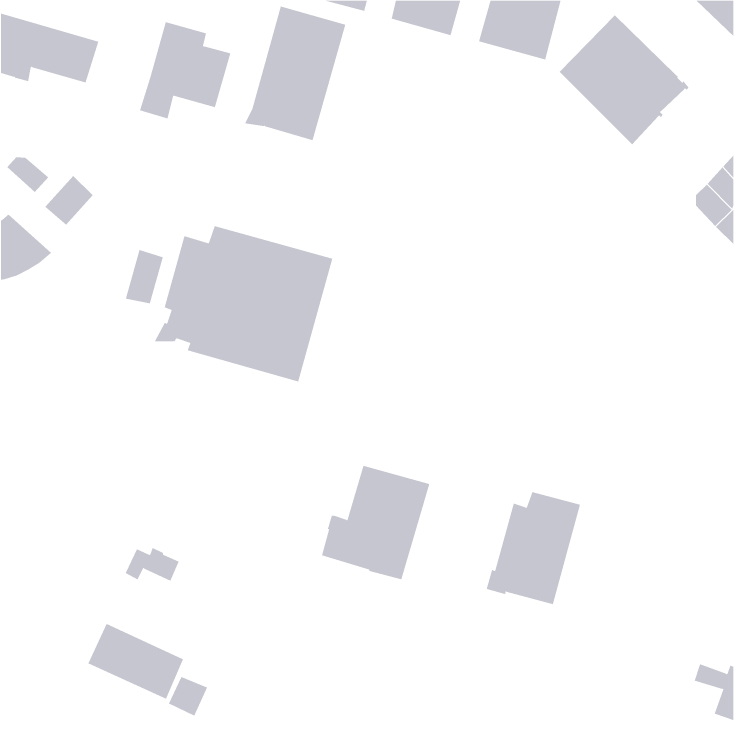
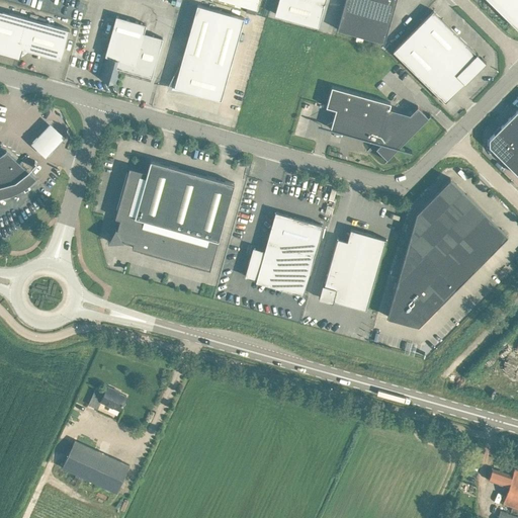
building: none -> [326,88,430,162]
building: [7,157,49,193] -> none
building: [125,249,163,304] -> none
building: none -> [387,179,508,327]
building: [321,465,430,581] -> [246,213,323,295]
building: [486,492,581,605] -> [319,231,385,311]
building: [168,676,208,716] -> none

